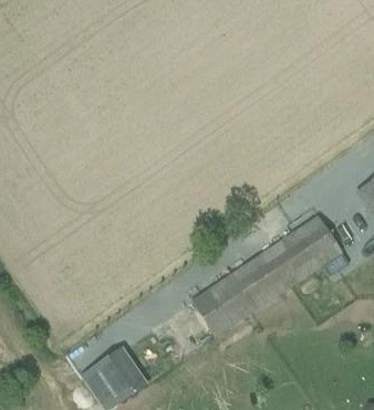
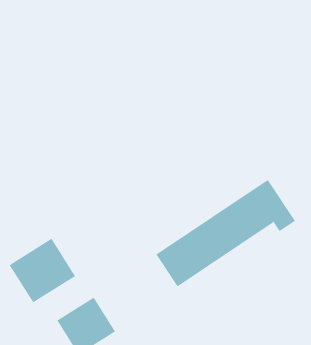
building: none -> [9,238,76,303]

